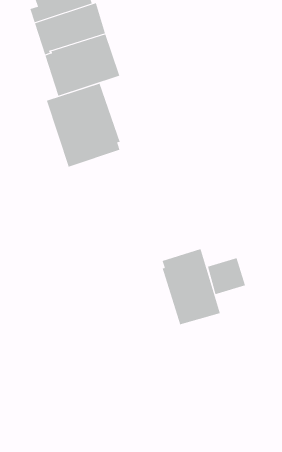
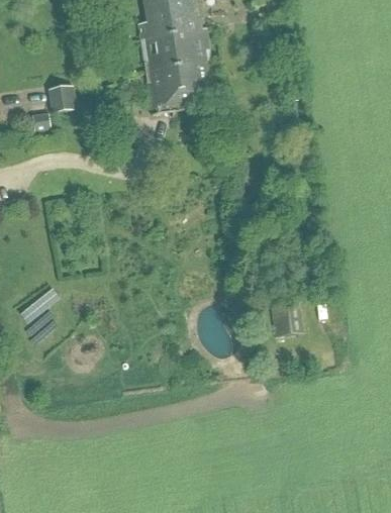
building: [46,83,121,169] -> none
building: [162,247,221,325] -> none

